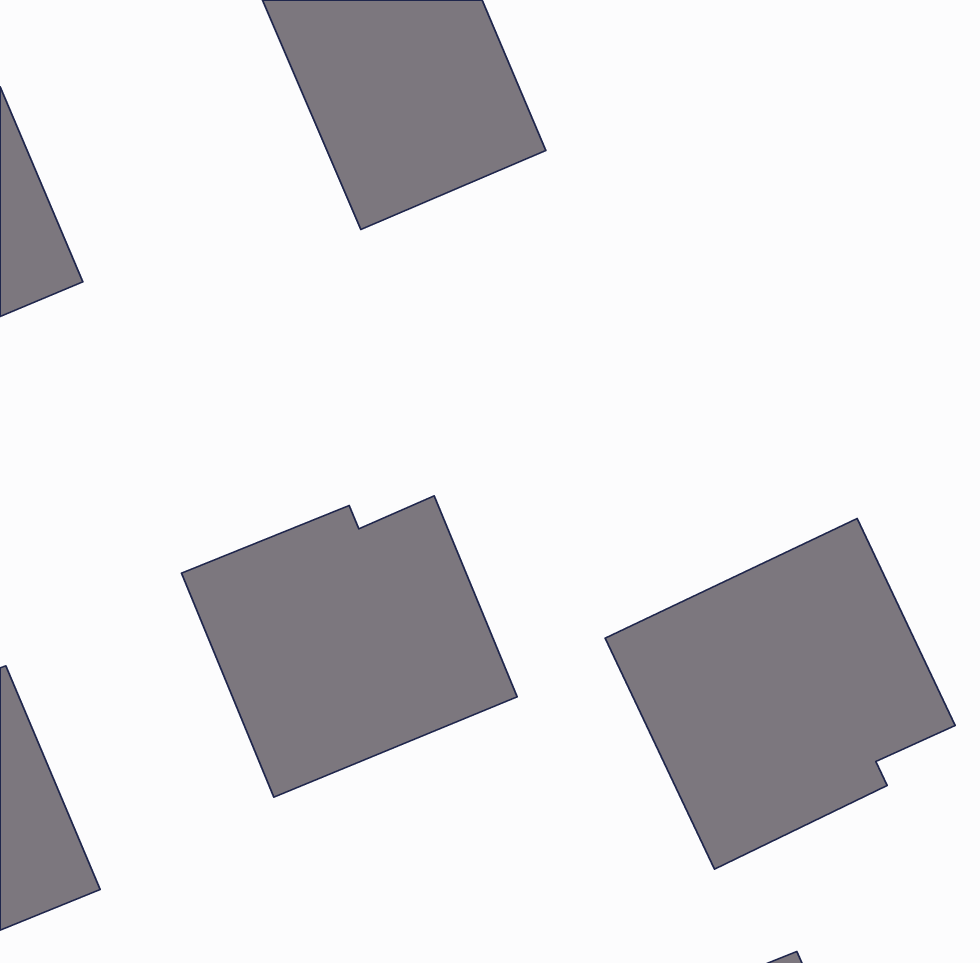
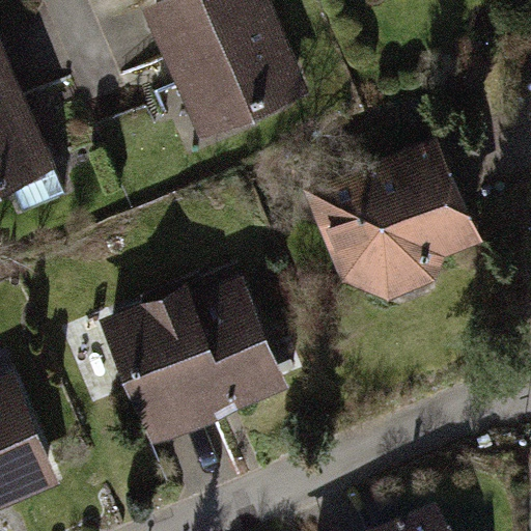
building: none -> [306,134,479,299]
building: [605,519,955,869] -> none

